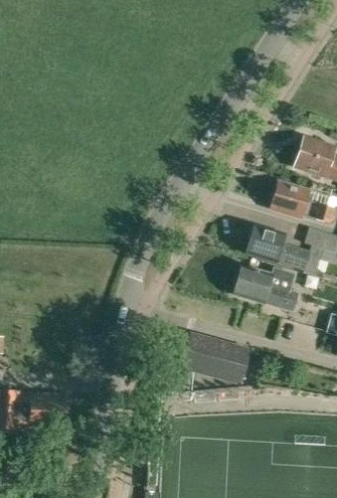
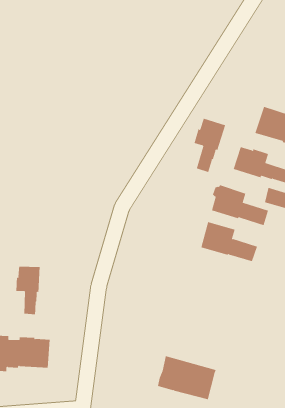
building: none -> [194,118,226,173]
building: none -> [16,266,40,315]
building: [182,331,248,380] -> [157,356,217,400]

